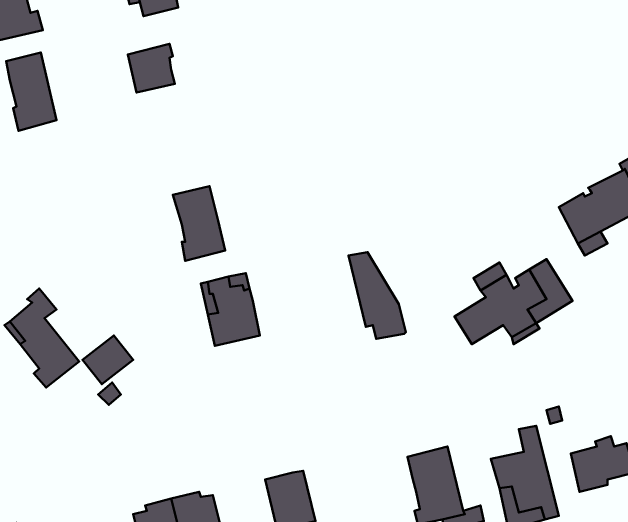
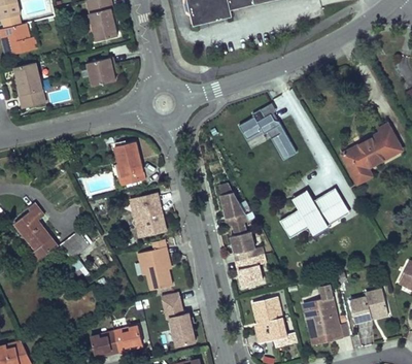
building: none -> [236,100,289,159]
building: none -> [231,229,265,284]
building: none -> [137,239,171,290]
building: none -> [160,289,184,317]

